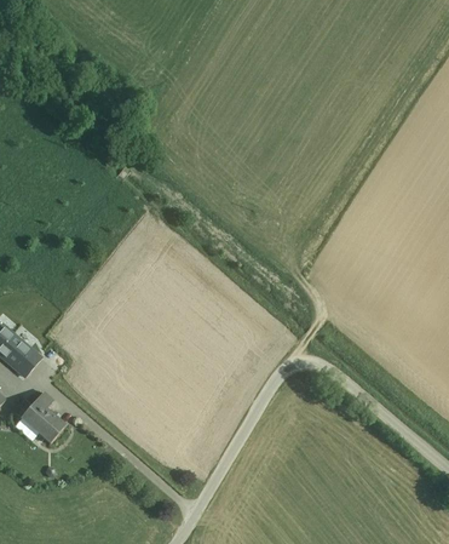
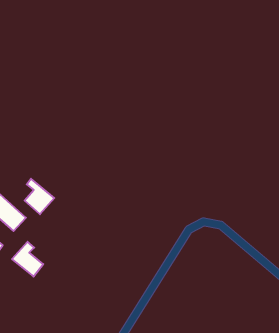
building: none -> [25,179,54,214]

